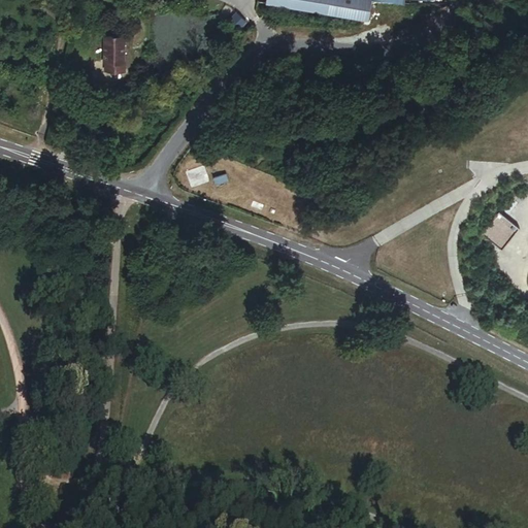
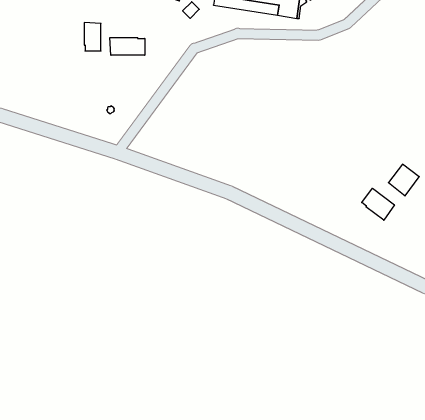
building: none -> [110,38,145,55]
building: none -> [362,188,394,220]

